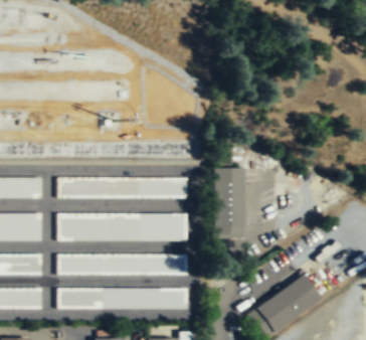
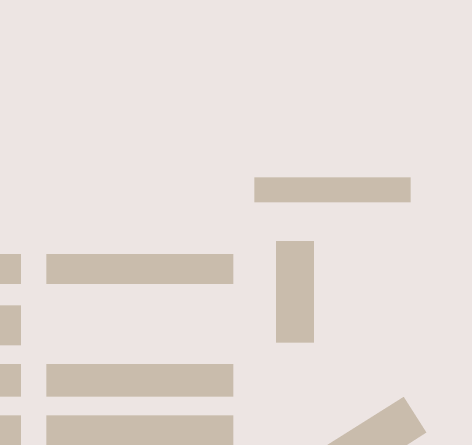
building: none -> [254,177,411,203]
building: [59,212,189,240] -> none

